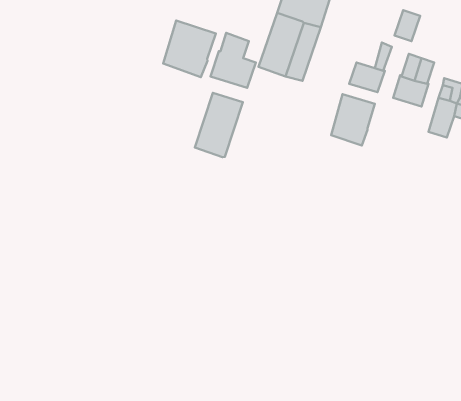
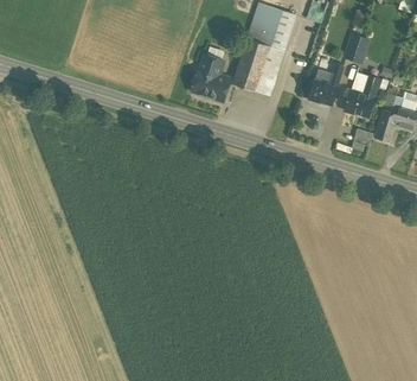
building: [163,20,216,77] -> none
building: [195,93,243,157] -> none
building: [331,94,375,145] -> none

